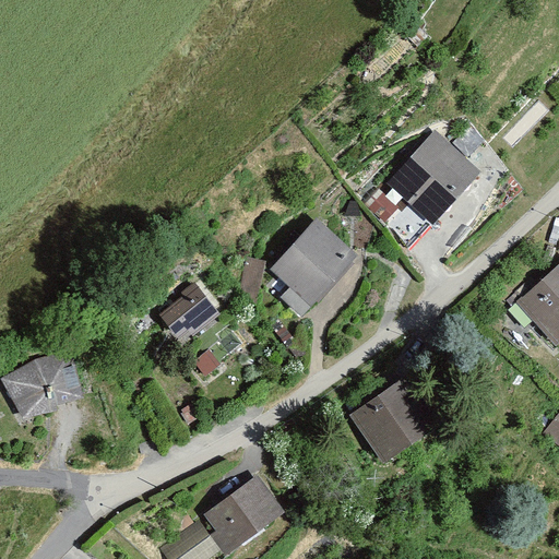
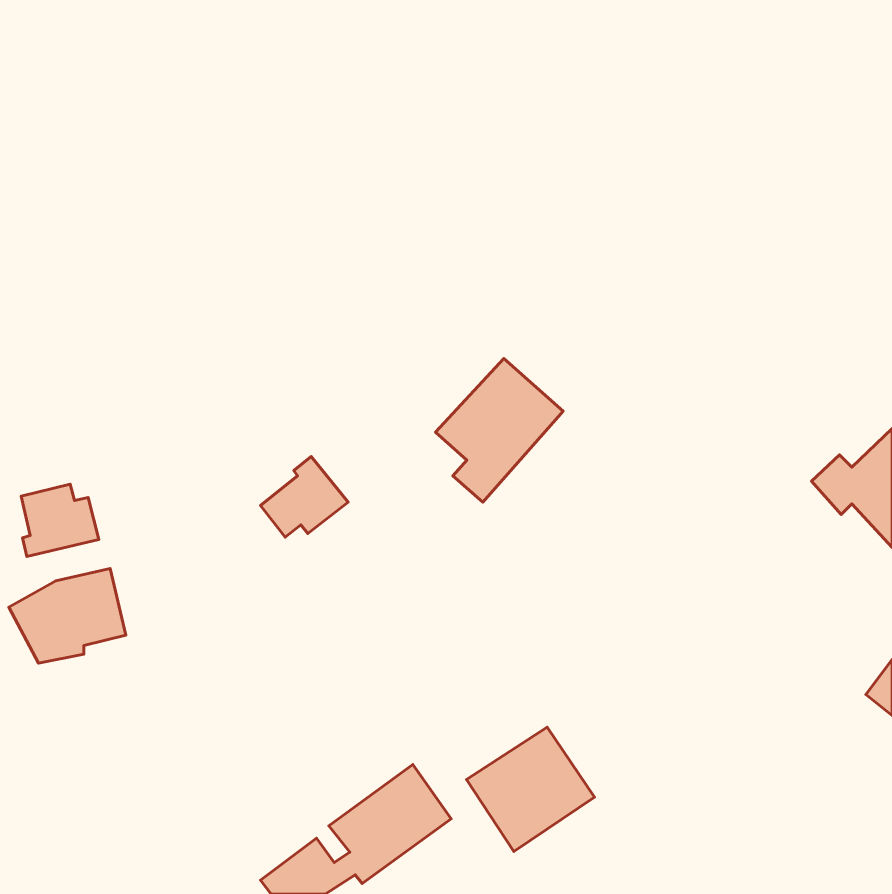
building: [386,130,479,246] -> none
building: none -> [21,484,99,556]
building: [355,383,435,461] -> [467,727,594,851]

